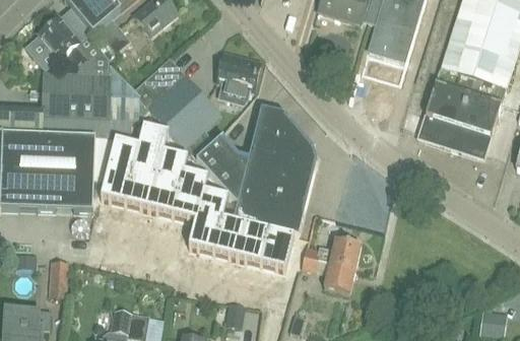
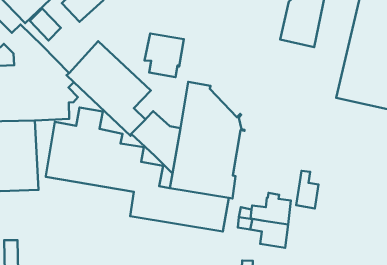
building: none -> [296,171,319,209]

